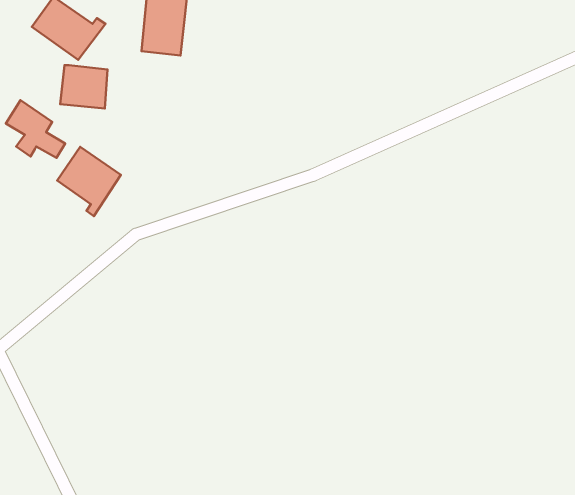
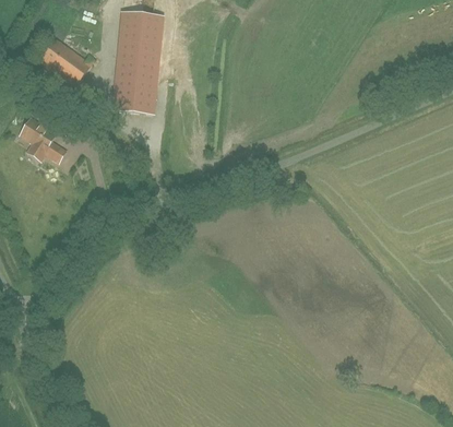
building: [60,65,108,108] -> [116,80,152,112]
building: [57,147,121,216] -> none

